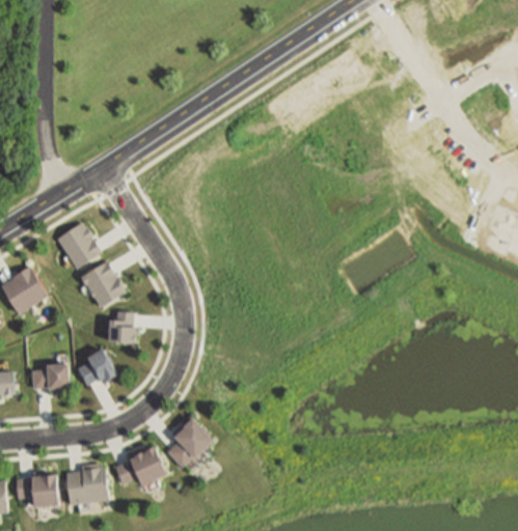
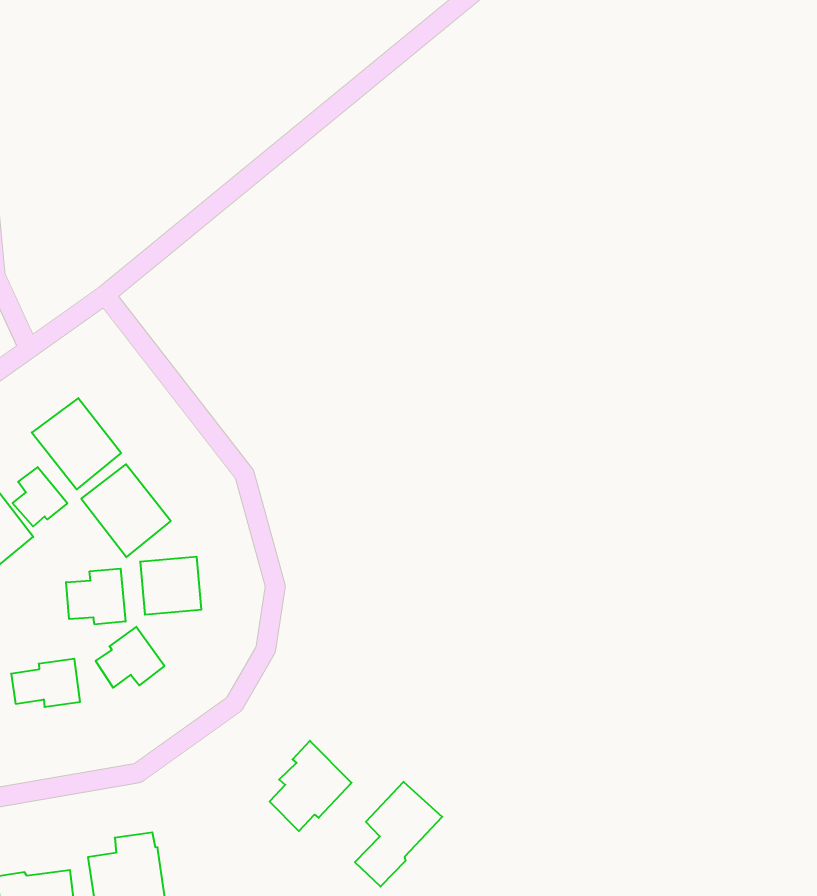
building: none -> [13,467,67,526]
building: none -> [66,569,126,624]
building: [114,445,166,481] -> none
building: none -> [355,782,442,887]

